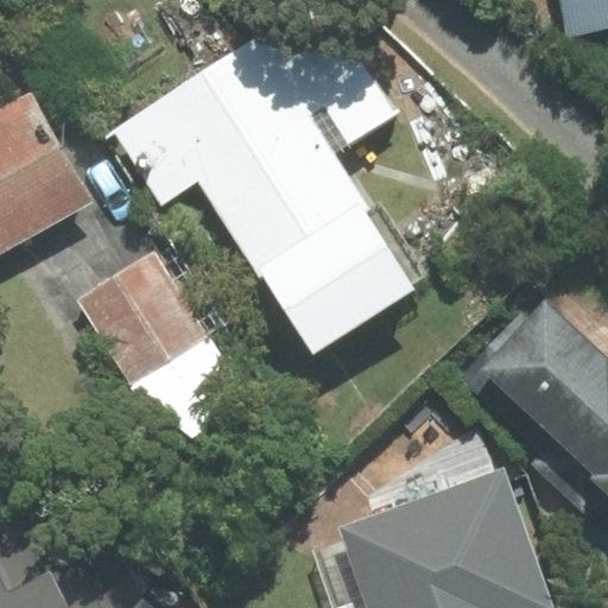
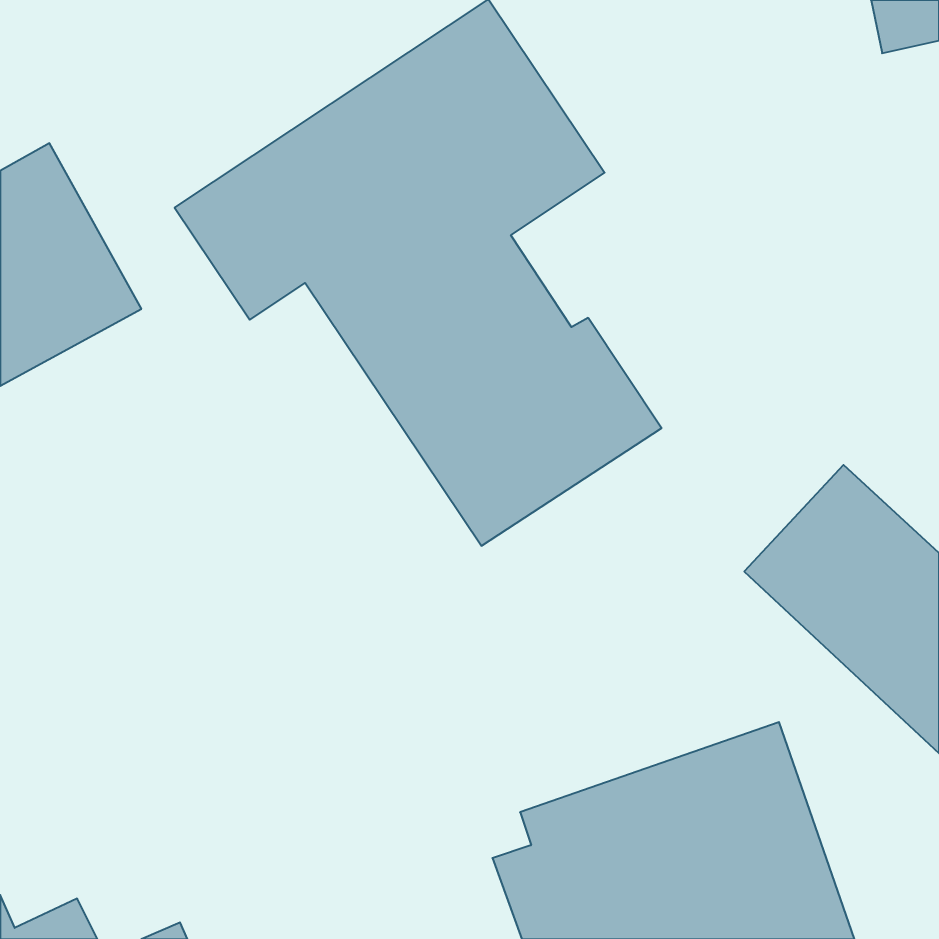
building: [80,253,252,451] -> none

